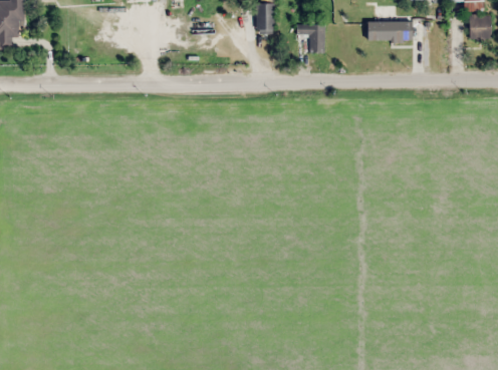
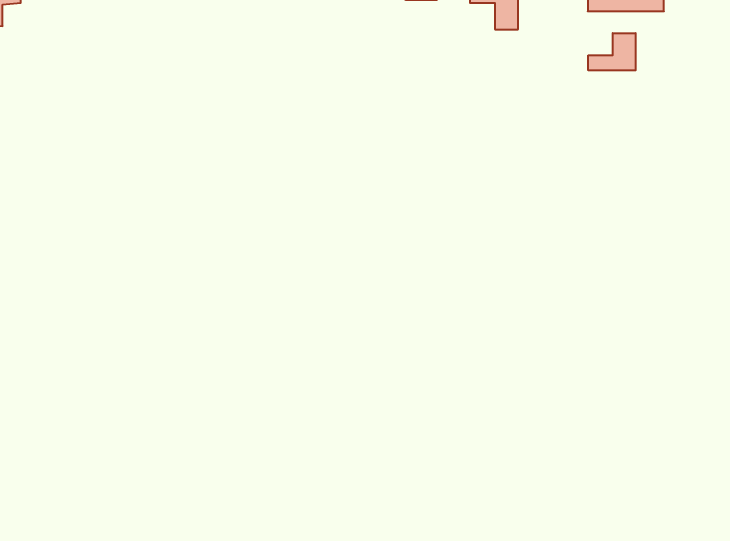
building: none -> [588,33,636,70]

